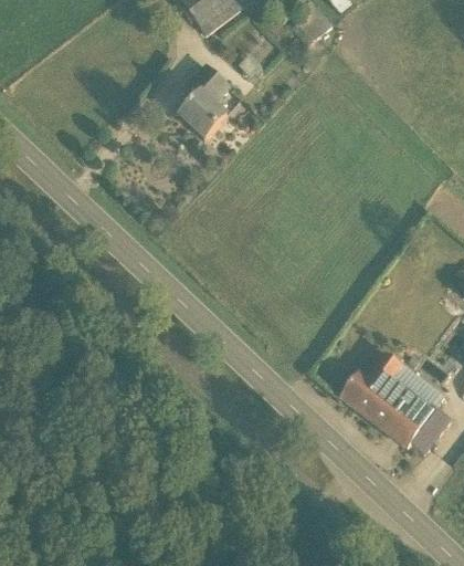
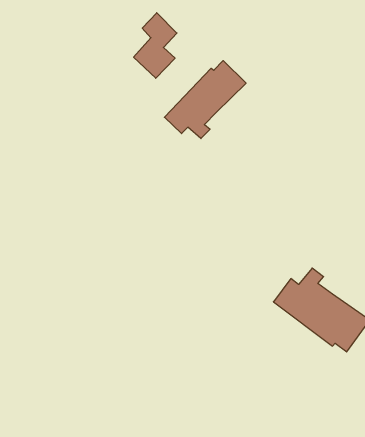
building: none -> [164,61,246,139]

